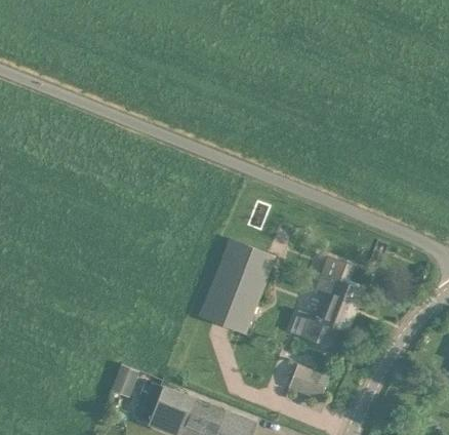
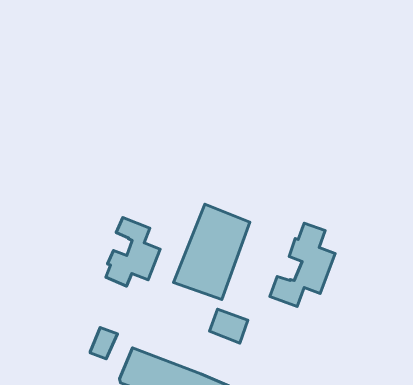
building: none -> [106,217,160,286]
building: [290,364,329,399] -> [210,309,248,343]

